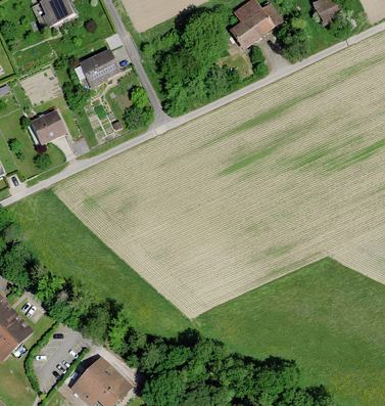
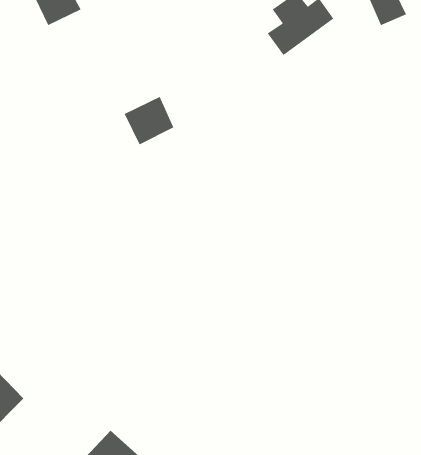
building: [78,48,118,88] -> [124,96,174,145]
building: [28,108,64,144] -> none

